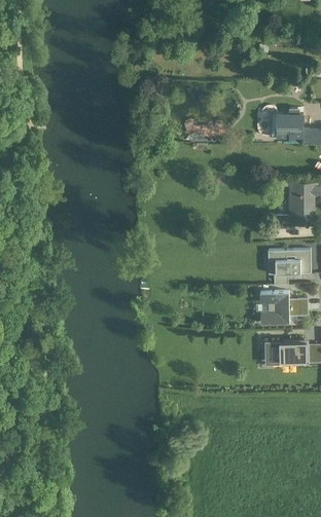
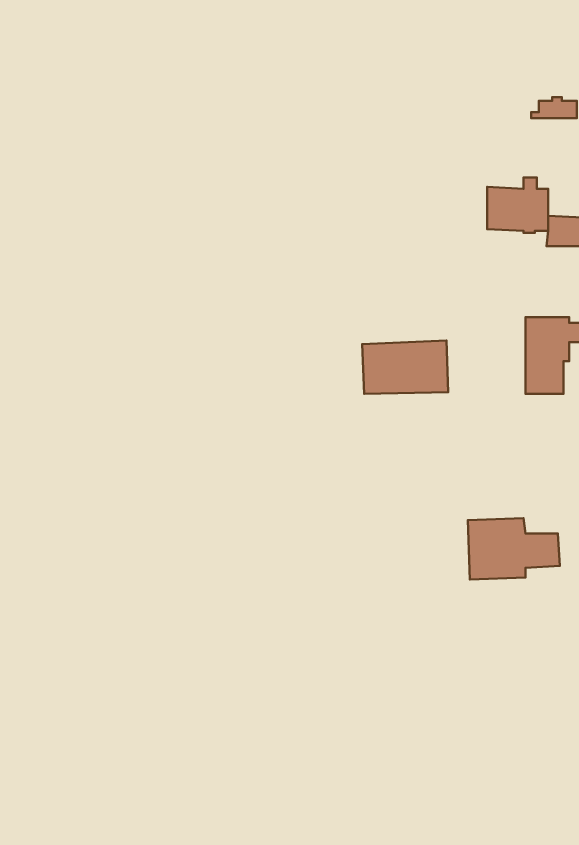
building: [265,248,312,276] -> [362,340,448,394]
building: [264,343,308,364] -> none

